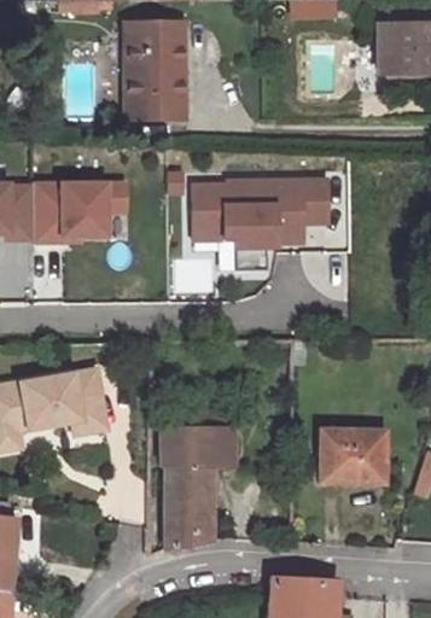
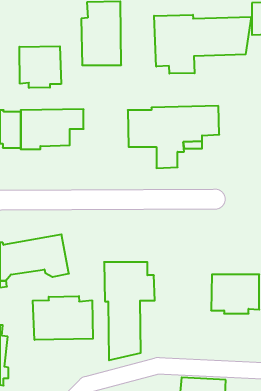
building: none -> [154,15,251,74]
building: none -> [19,46,61,88]
building: none -> [33,296,93,340]

